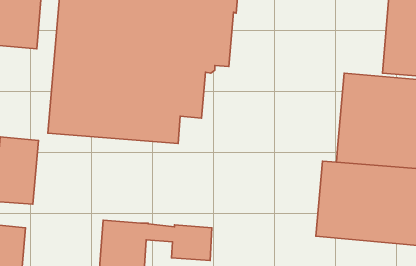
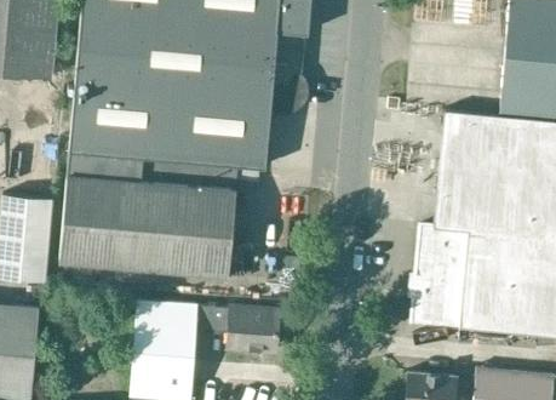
building: none -> [59,190,234,278]

